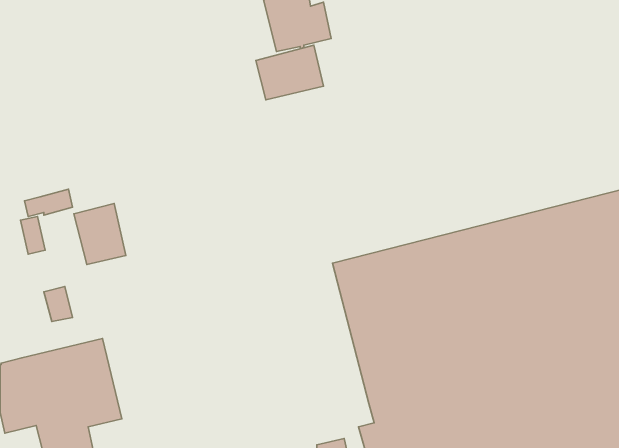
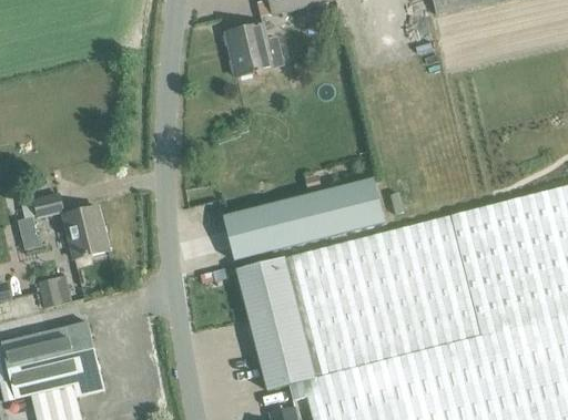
building: [256,45,323,100] -> none
building: none -> [223,178,385,259]
building: none -> [236,257,320,401]

